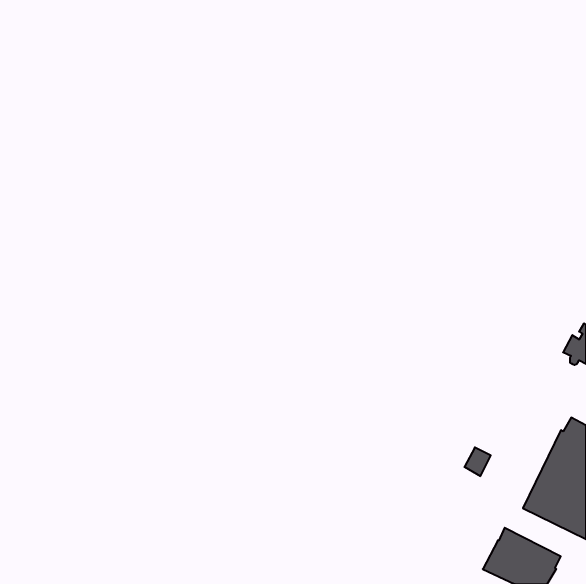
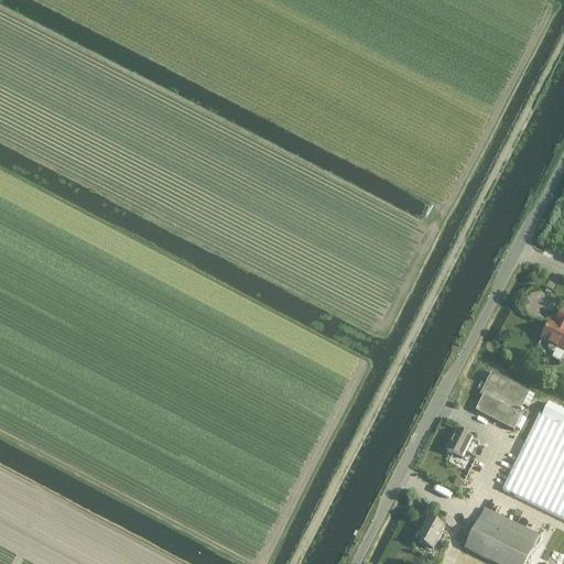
building: none -> [476,372,539,429]
building: none -> [414,516,444,550]

